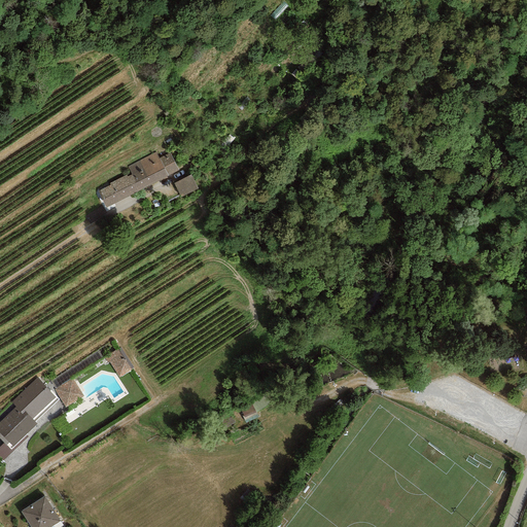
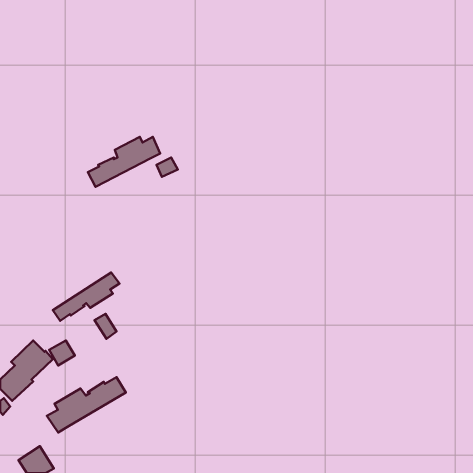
building: none -> [53,272,120,321]
building: none -> [47,377,126,433]

